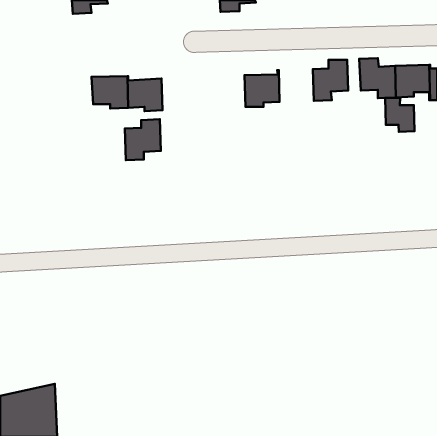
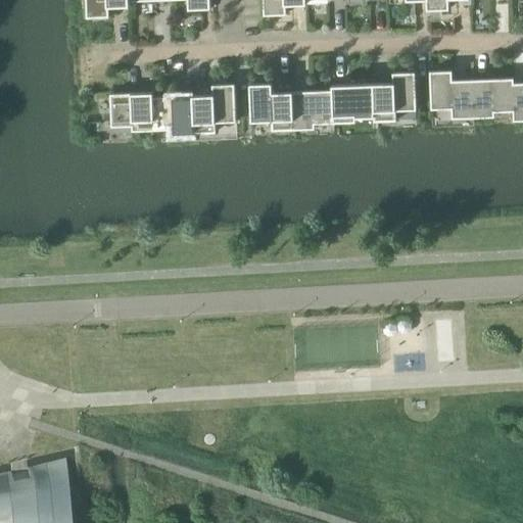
building: none -> [249,83,293,130]
building: none -> [333,84,375,123]
building: [385,98,414,132] -> none
building: [125,119,161,160] -> [193,84,236,133]

